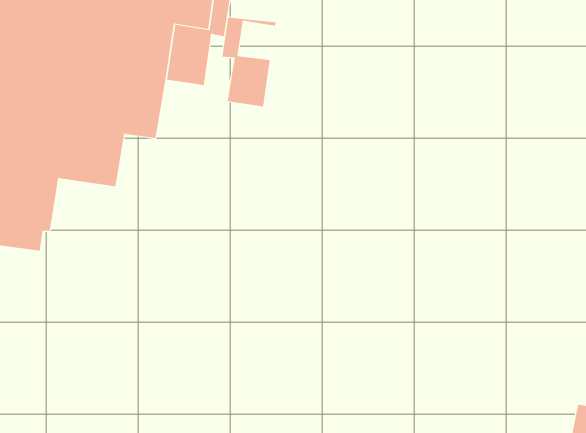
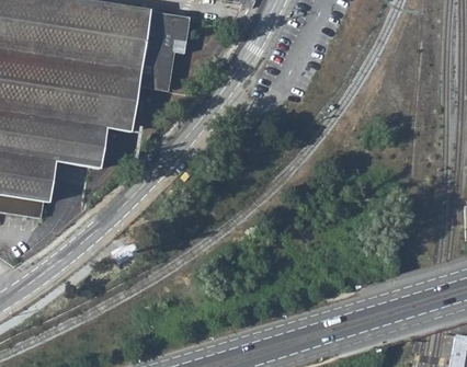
building: [222,17,276,107] -> none

